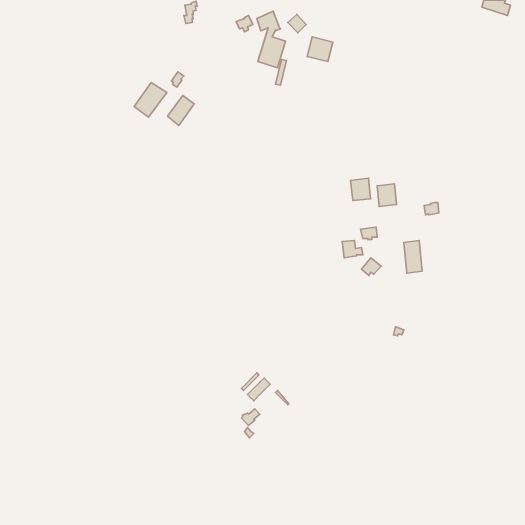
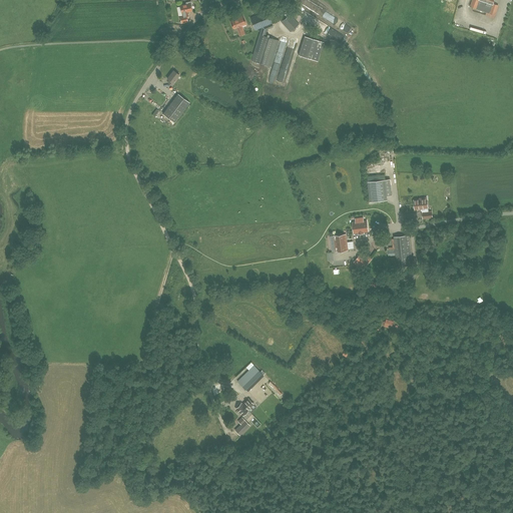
building: [134,82,167,117] -> none
building: [350,178,370,201] -> none

